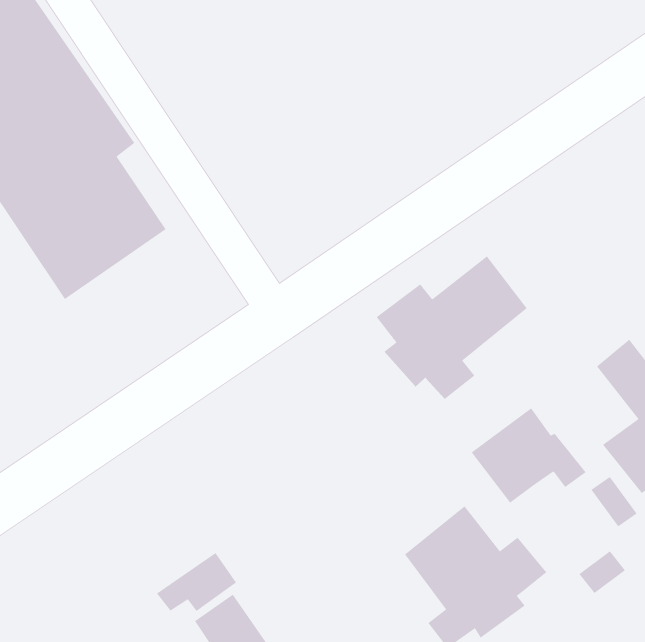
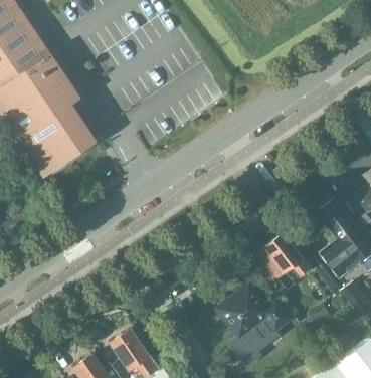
building: [376,256,528,400] -> none
building: [156,552,237,612] -> none

